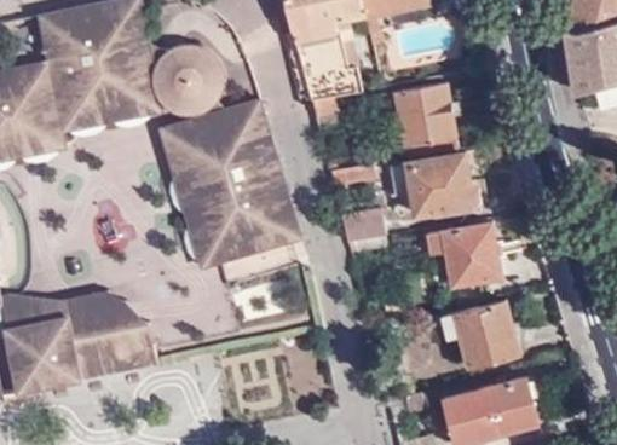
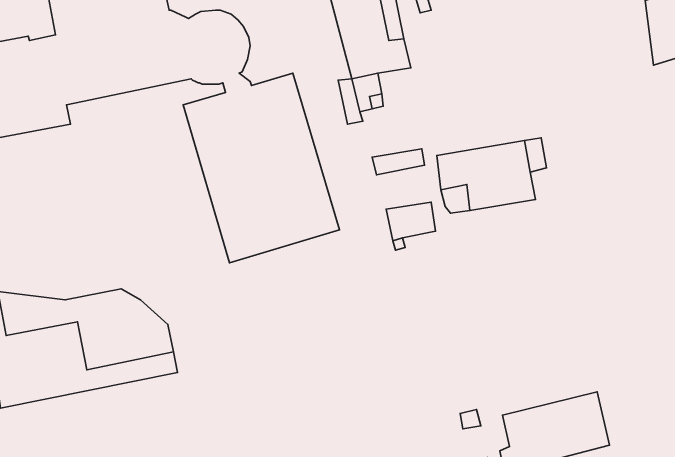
building: [394,87,457,160] -> none
building: [423,227,498,288] -> none
building: [439,305,513,368] -> none

